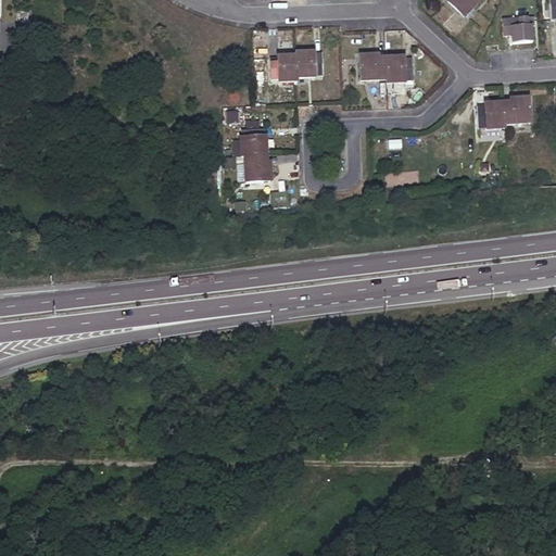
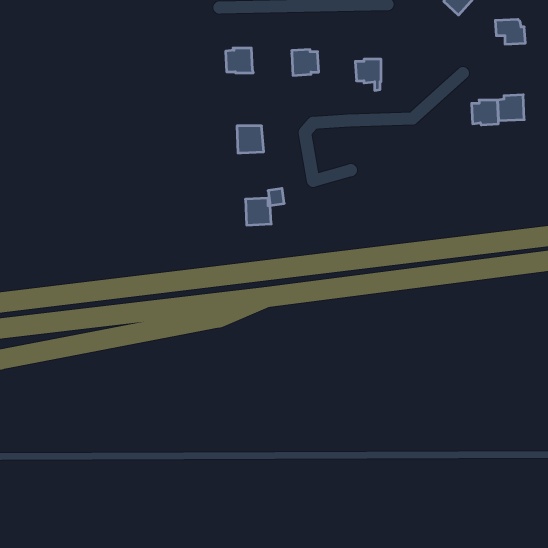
building: [270,54,299,79] -> [226,48,253,73]
building: [387,56,412,79] -> none
building: [245,153,271,180] -> [245,198,271,225]

